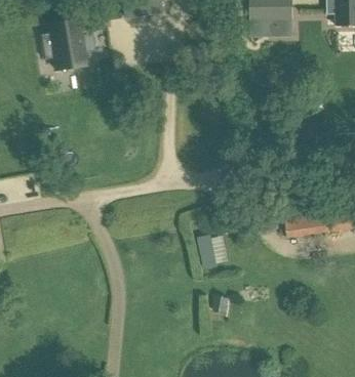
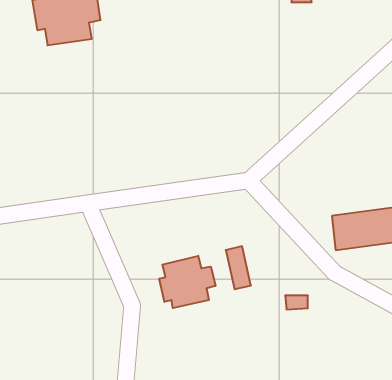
building: none -> [159,256,215,308]

